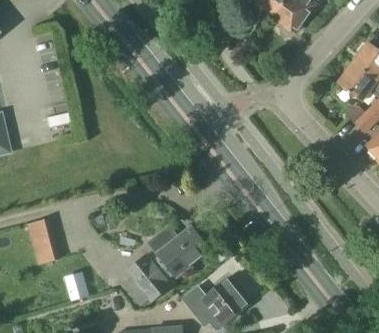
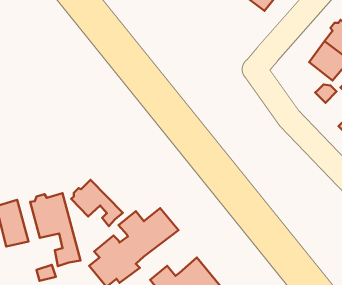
building: none -> [71,180,123,226]
building: none -> [30,193,80,266]

